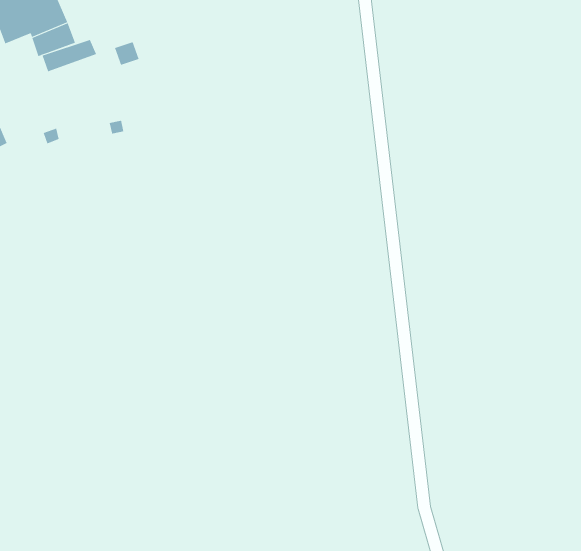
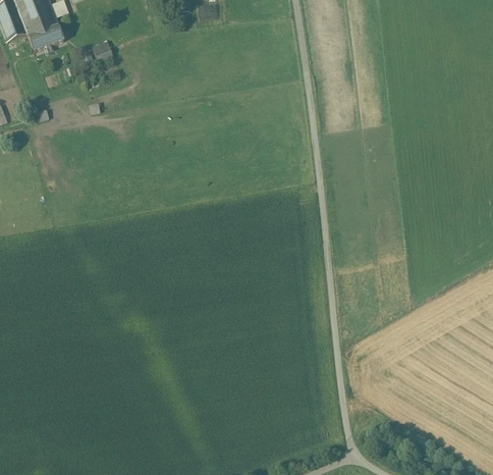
building: [42,39,97,72] -> none

